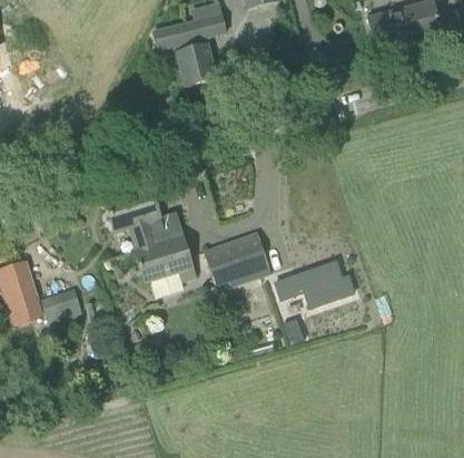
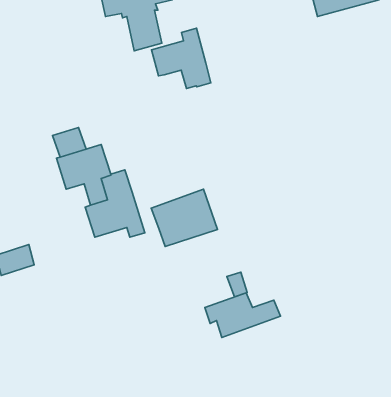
building: none -> [152,28,211,88]
building: none -> [52,128,86,157]
building: [274,260,353,306] -> [205,293,280,337]

